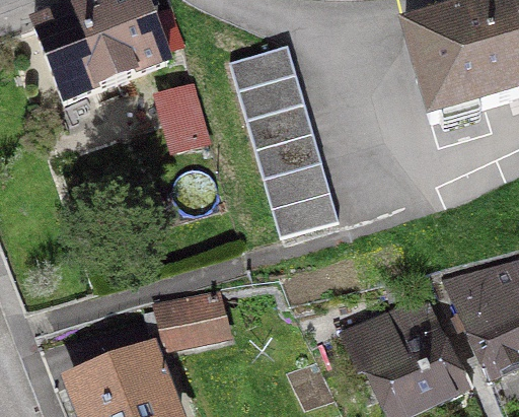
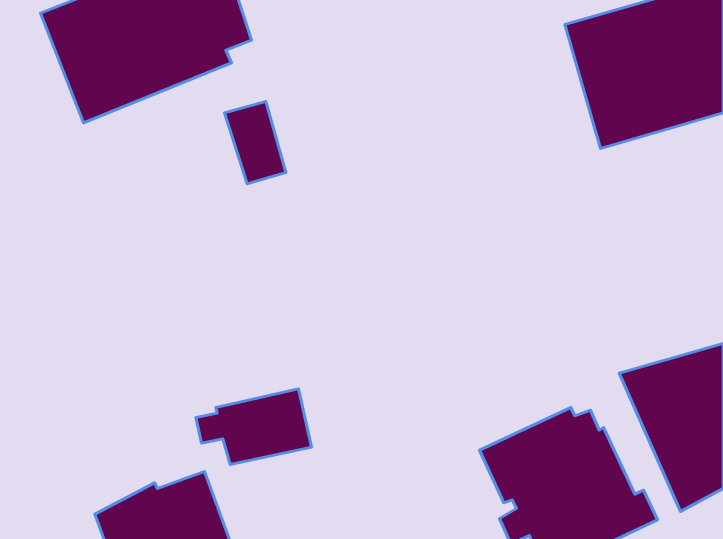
building: [229,41,338,234] -> none

